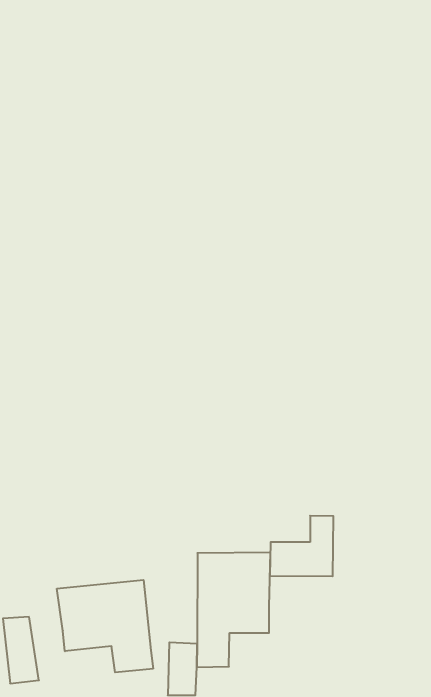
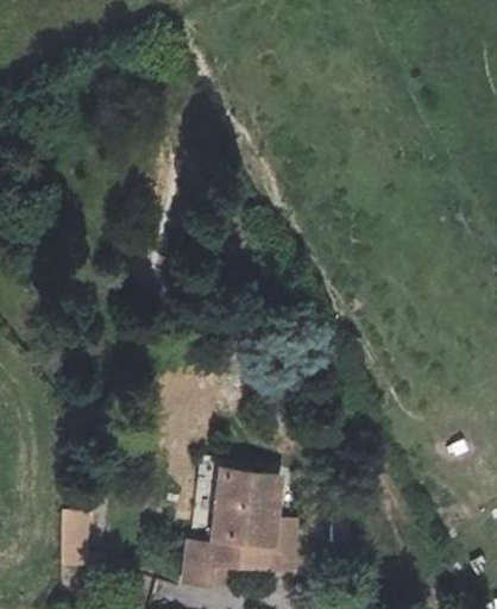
building: [270,516,333,576] -> [238,520,295,571]
building: [57,580,153,672] -> none

